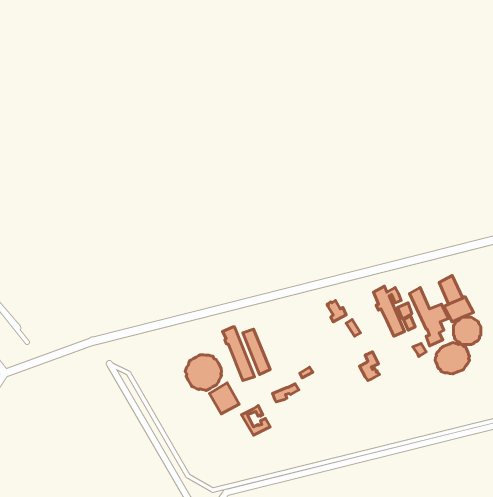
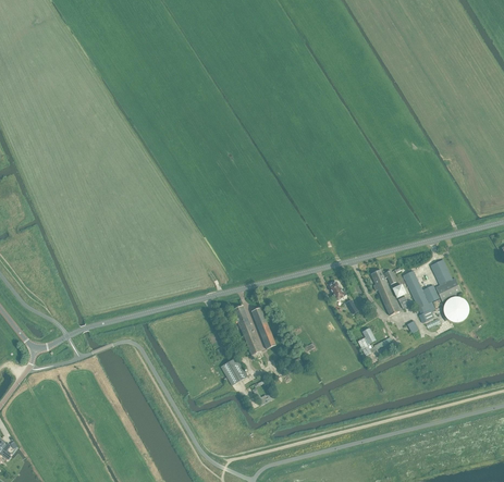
building: [435,343,469,374] -> none
building: [185,355,222,391] -> none

